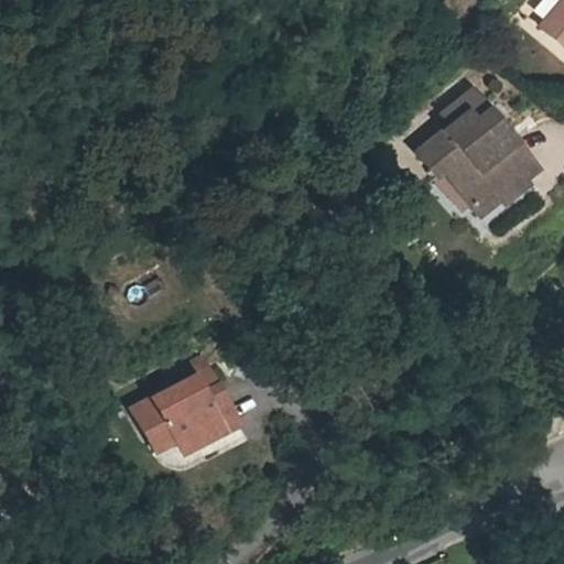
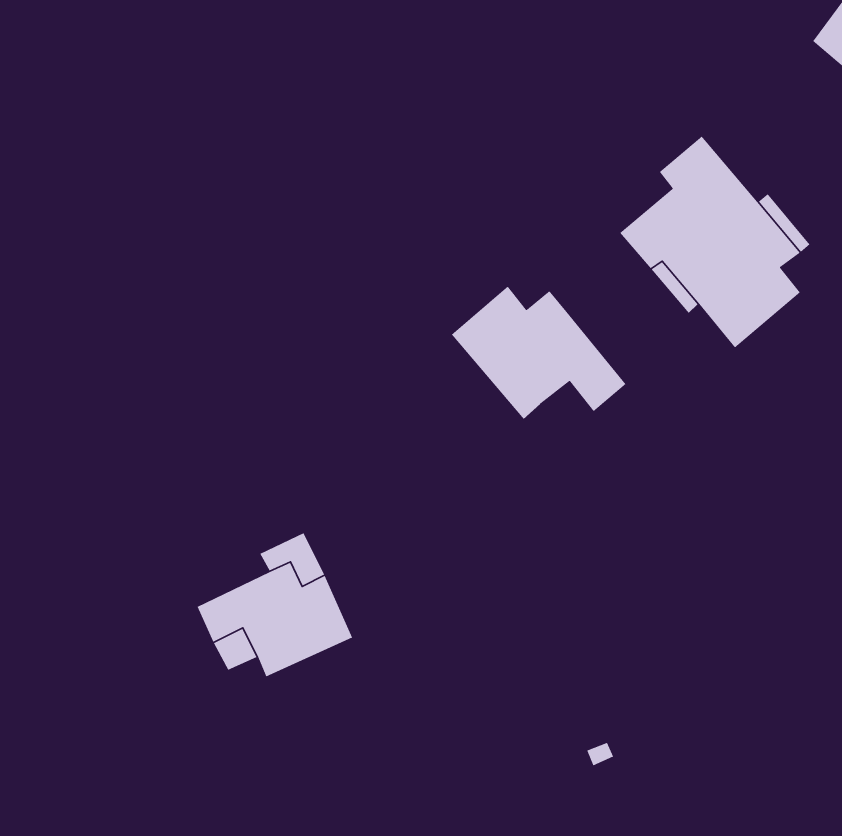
building: none -> [451,286,627,420]

